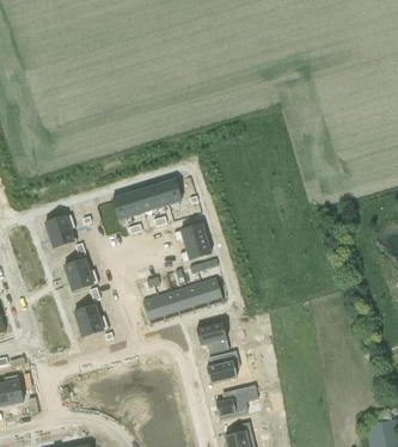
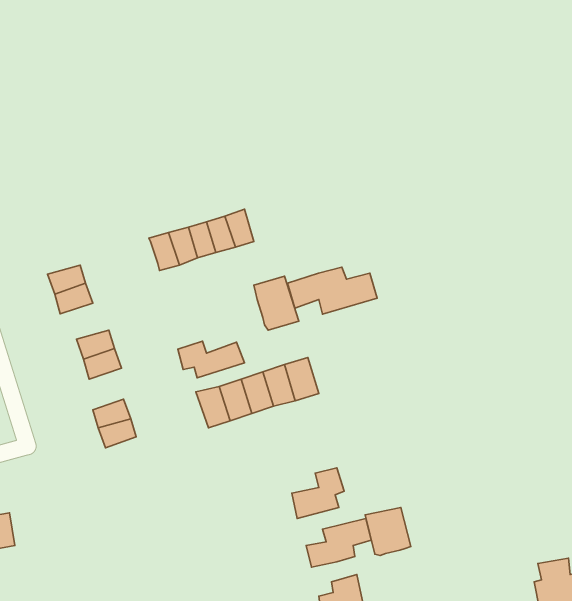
building: none -> [287,267,377,314]
building: none -> [178,341,245,378]
building: [196,320,229,353] -> none
building: none -> [365,507,411,555]

